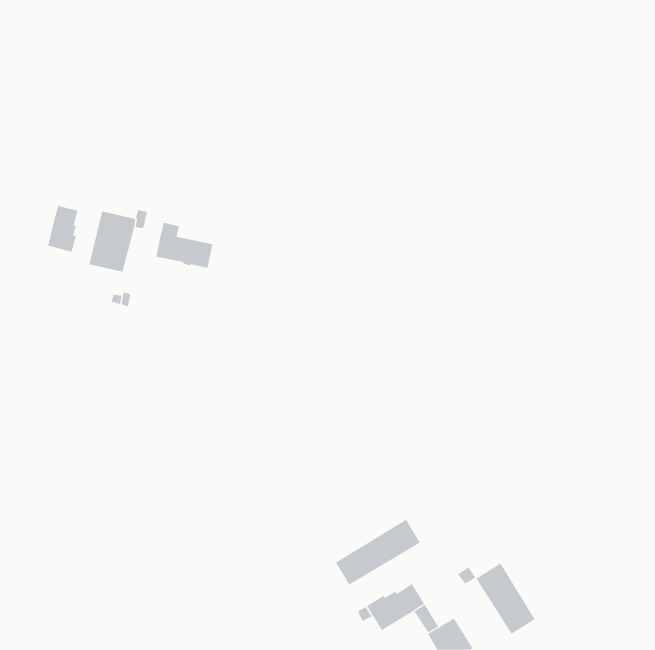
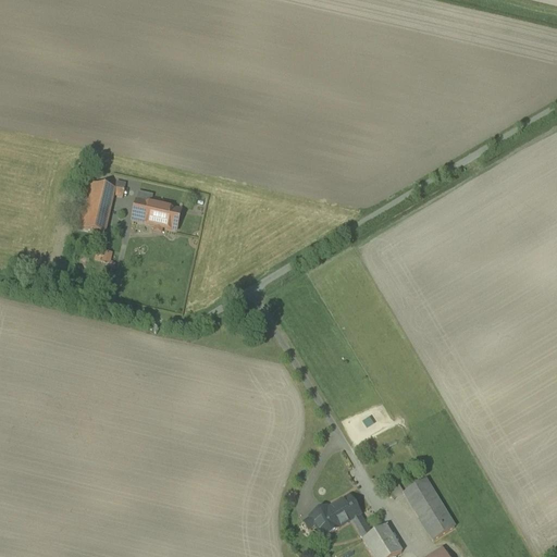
building: [48,205,78,252] -> none
building: [335,519,421,586] -> none

